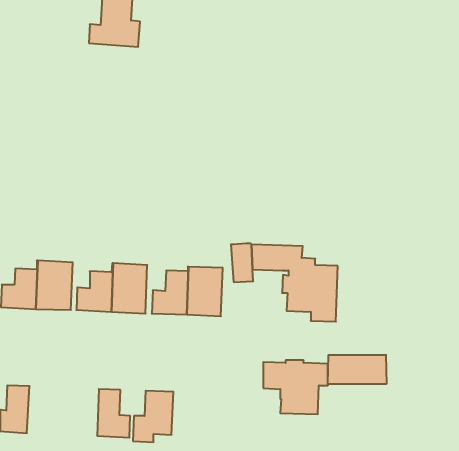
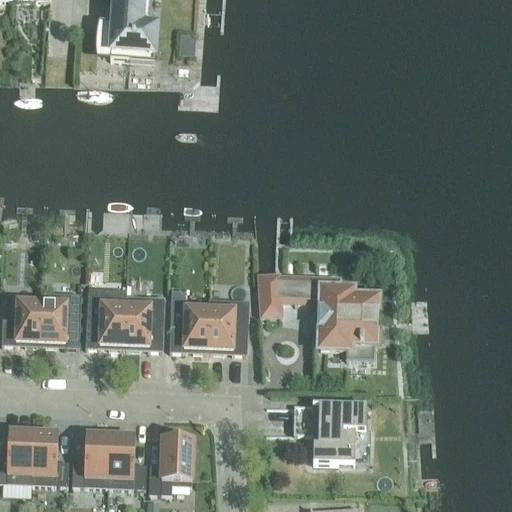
building: [328,355,386,384] -> none
building: none -> [30,430,68,483]
building: none -> [71,432,110,485]

